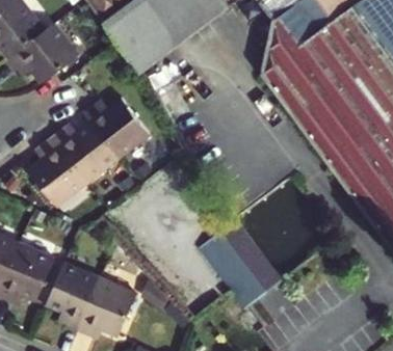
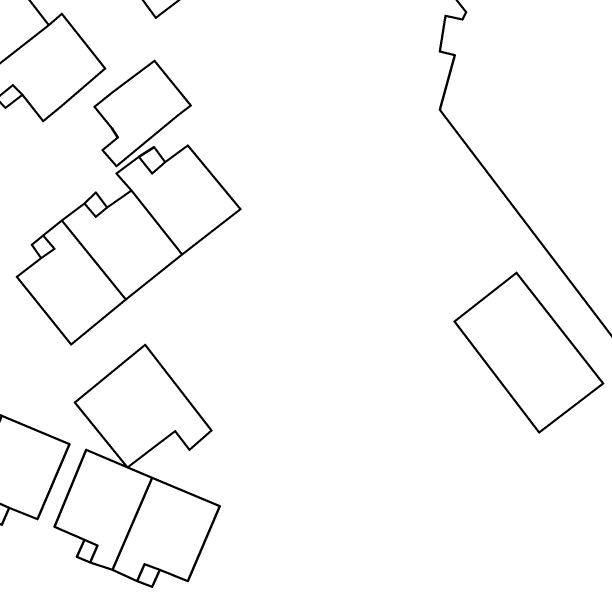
building: none -> [94,61,191,166]
building: none -> [75,345,212,467]
building: [203,219,285,307] -> [454,273,603,432]

